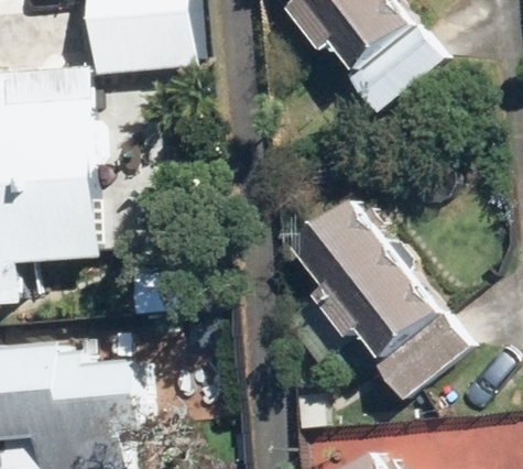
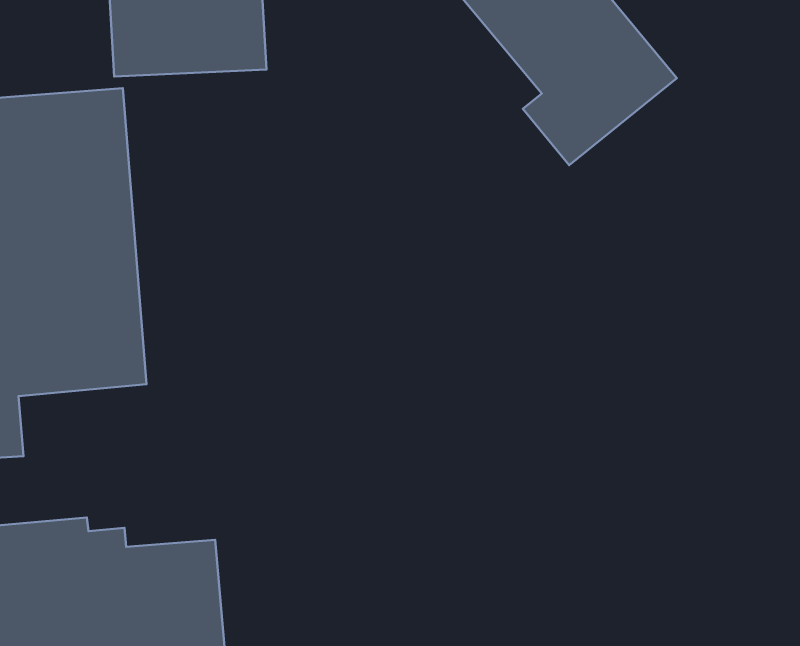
building: [292,201,466,400] -> none

